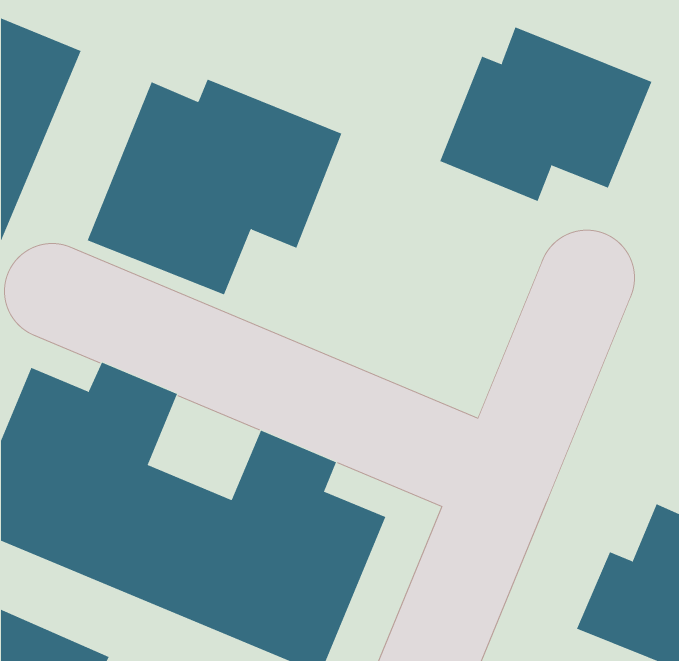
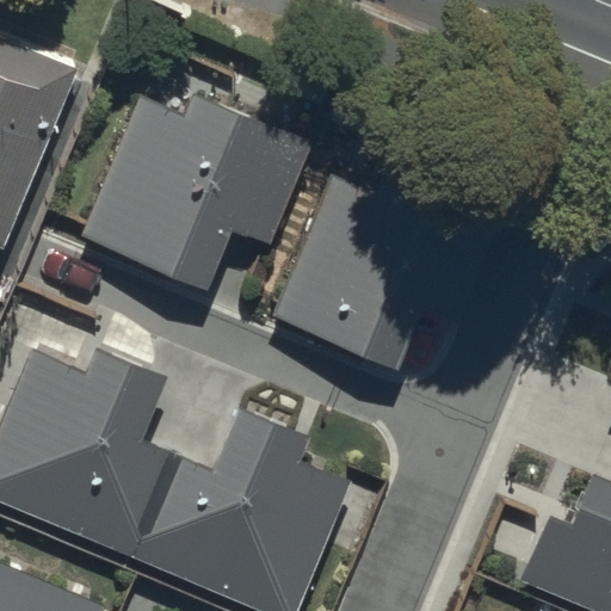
building: [439,26,652,202] -> none
building: none -> [272,169,501,364]

